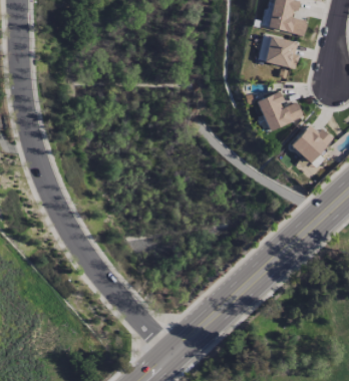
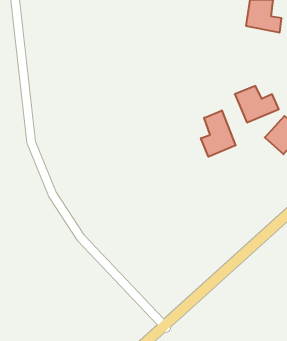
building: [259,35,299,68] -> none
building: none -> [201,110,236,157]

